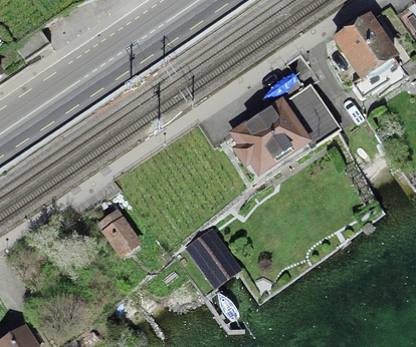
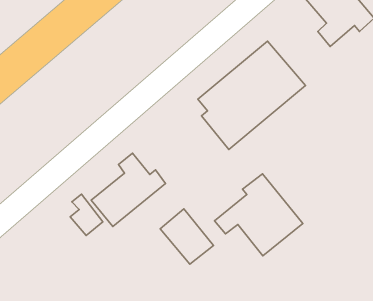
building: none -> [91,153,166,227]
building: none -> [215,174,303,256]

